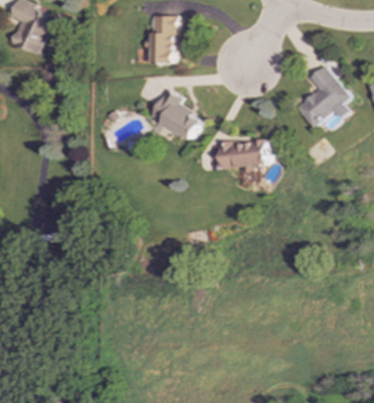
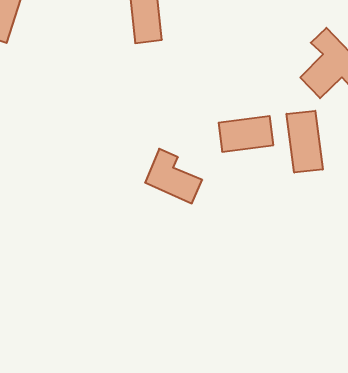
building: [150,88,201,140] -> [145,149,202,203]
building: none -> [287,111,323,173]

